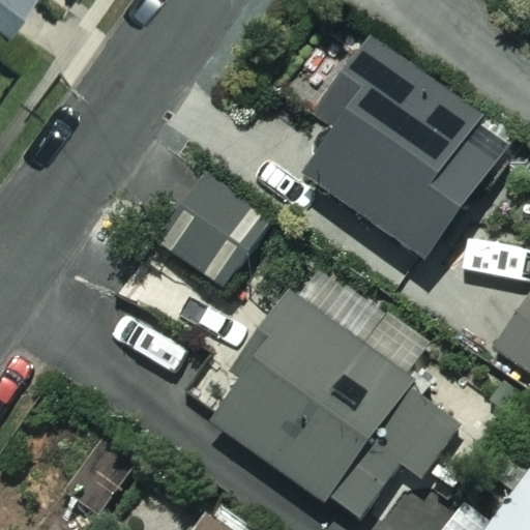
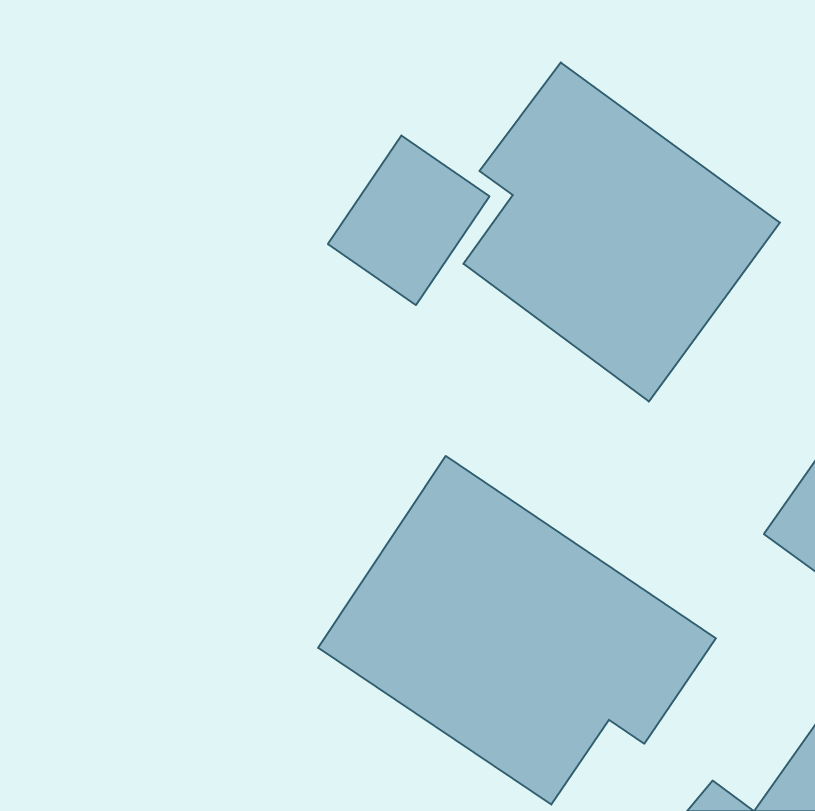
building: [160,172,265,282] -> [328,135,489,305]

